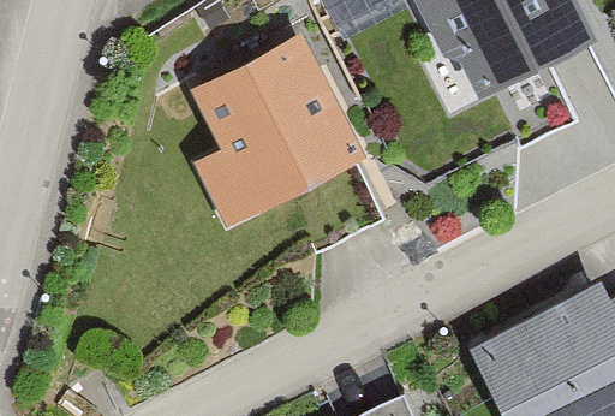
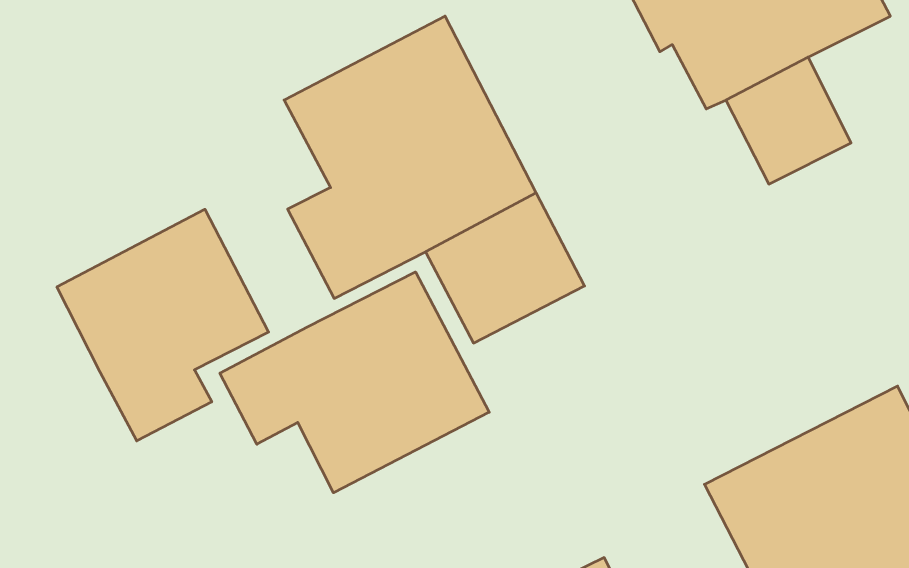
building: none -> [57,209,269,441]
building: none -> [220,272,489,493]

